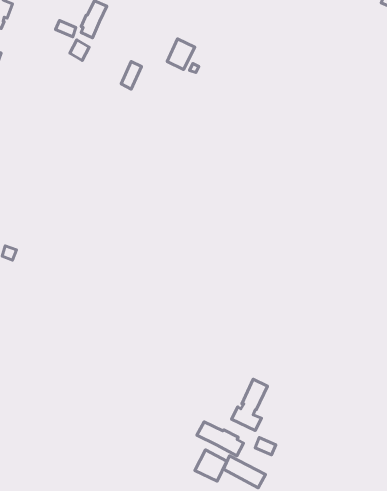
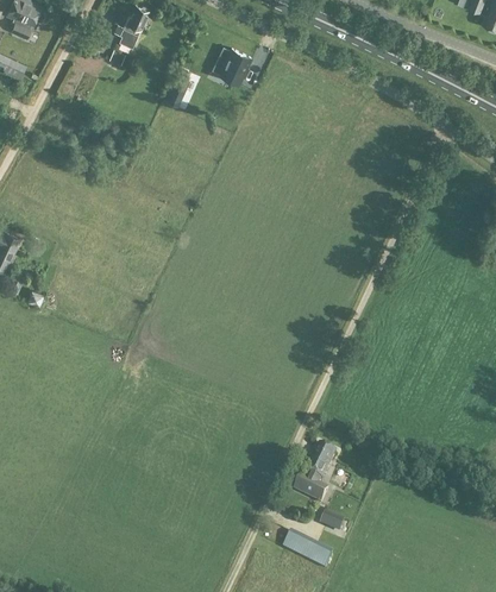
building: [197,422,243,456] -> none
building: [195,450,227,481] -> none

